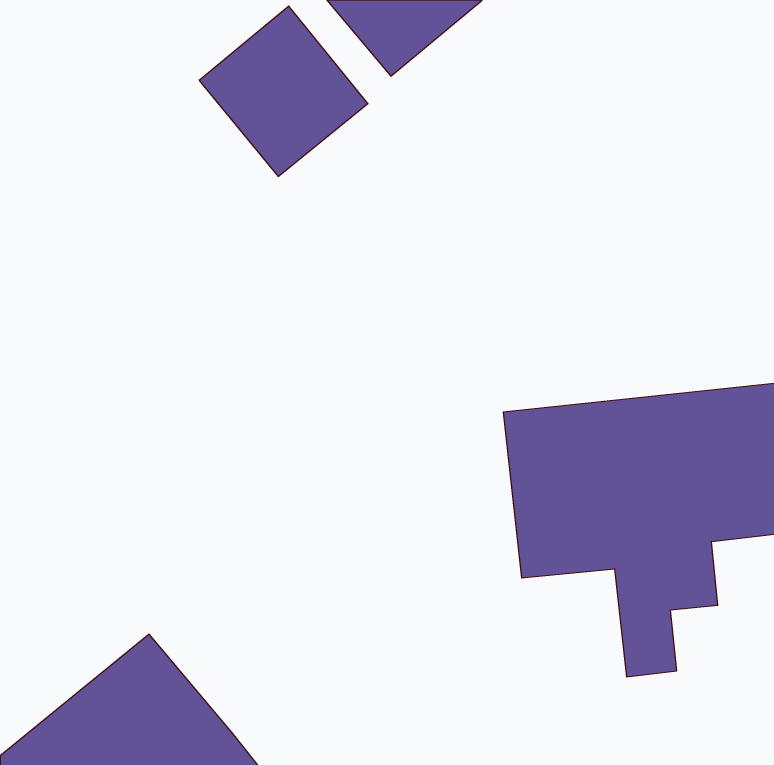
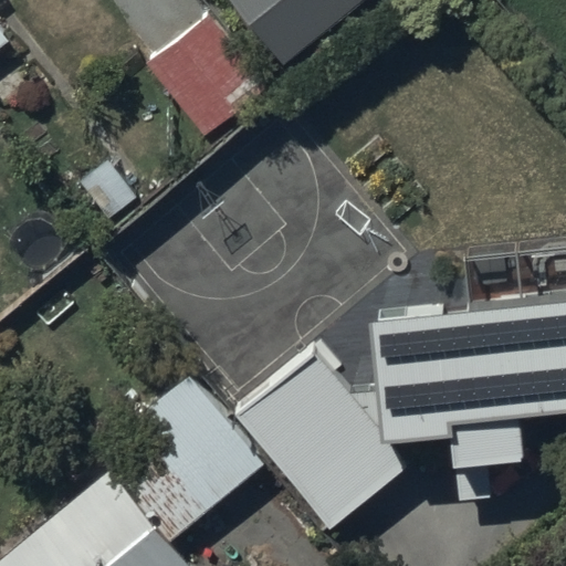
building: none -> [235,353,408,530]
building: none -> [97,375,265,542]

